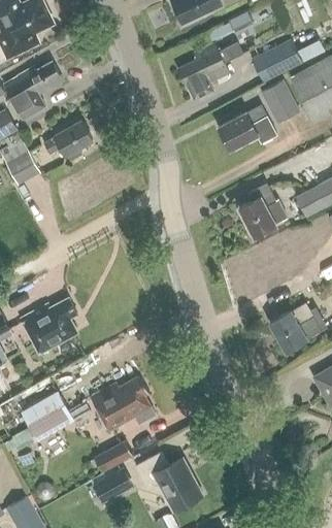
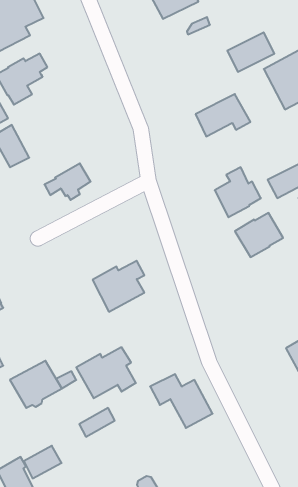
building: [178,43,243,100] -> none
building: [262,79,300,123] -> none
building: [43,121,93,160] -> [44,163,91,200]
building: [22,299,77,354] -> [93,261,144,312]
building: [270,303,322,351] -> [235,213,283,257]
building: [135,453,202,510] -> [150,374,213,428]
building: [94,467,134,502] -> [24,446,62,478]

